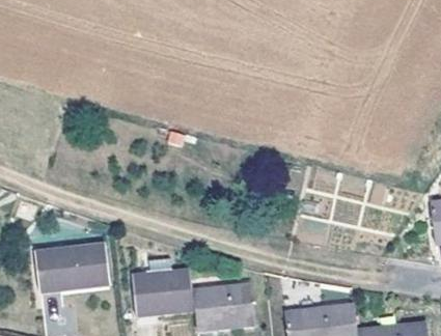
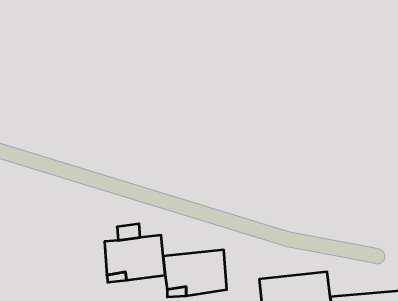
building: [35,244,107,289] -> none

